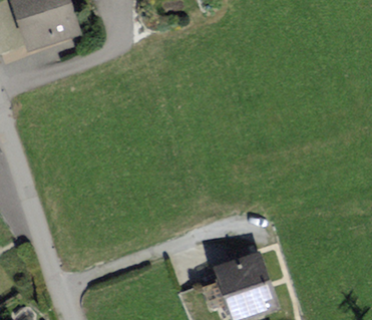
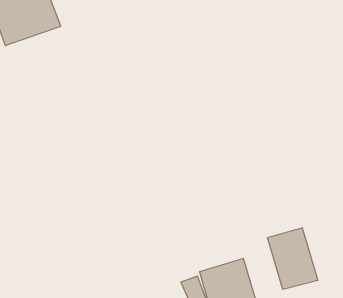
building: none -> [268,228,318,289]

